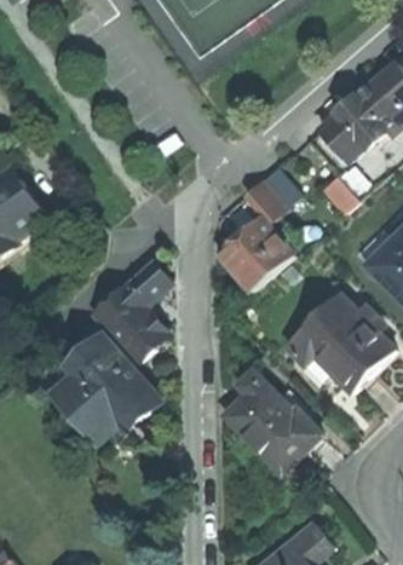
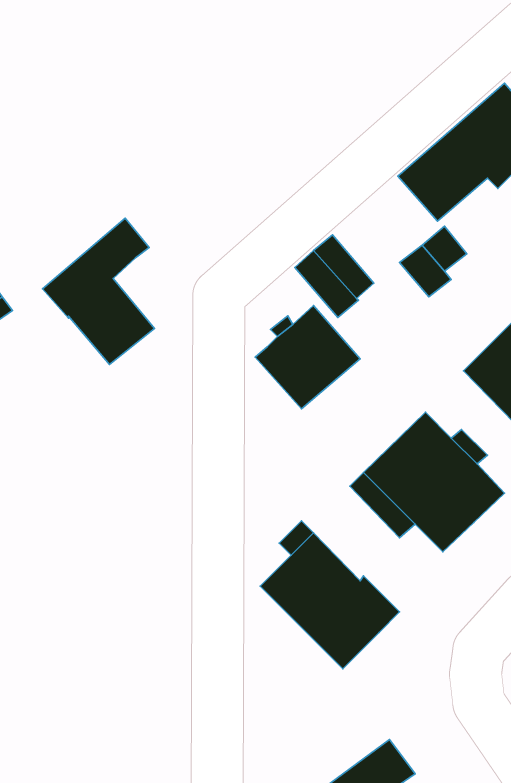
building: [94,261,173,364] -> [43,218,154,365]
building: [56,335,159,439] -> none

